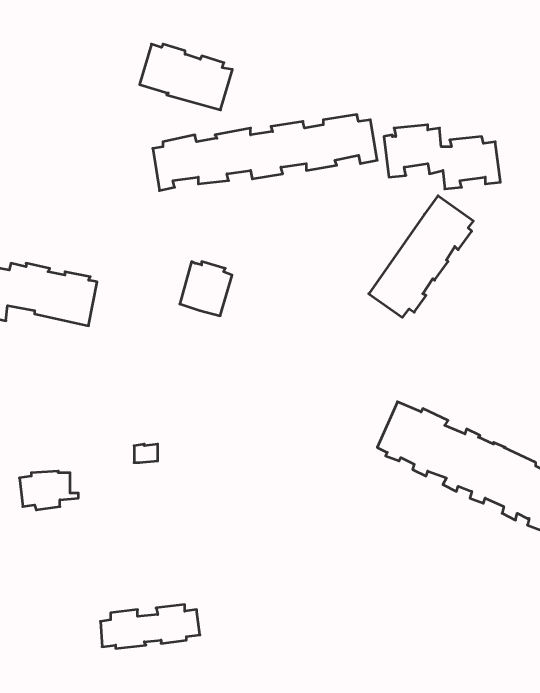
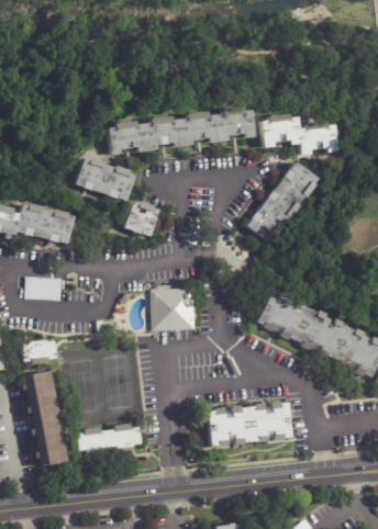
building: [140,44,232,110] -> [77,157,137,200]
building: none -> [24,277,60,301]
building: none -> [153,284,197,327]
building: none -> [25,367,69,462]
building: none -> [207,401,291,448]

